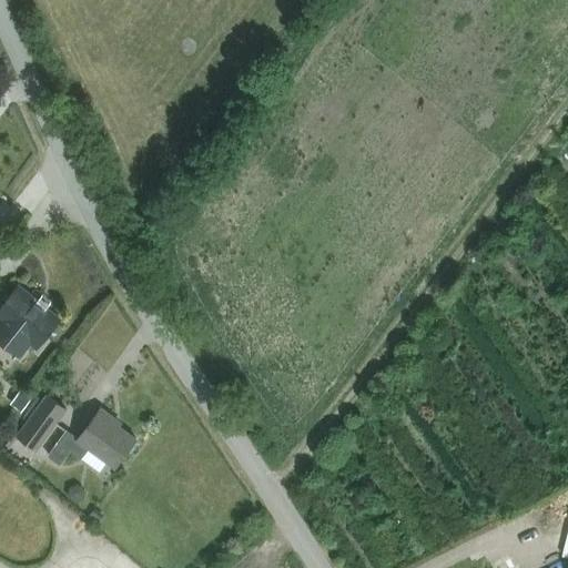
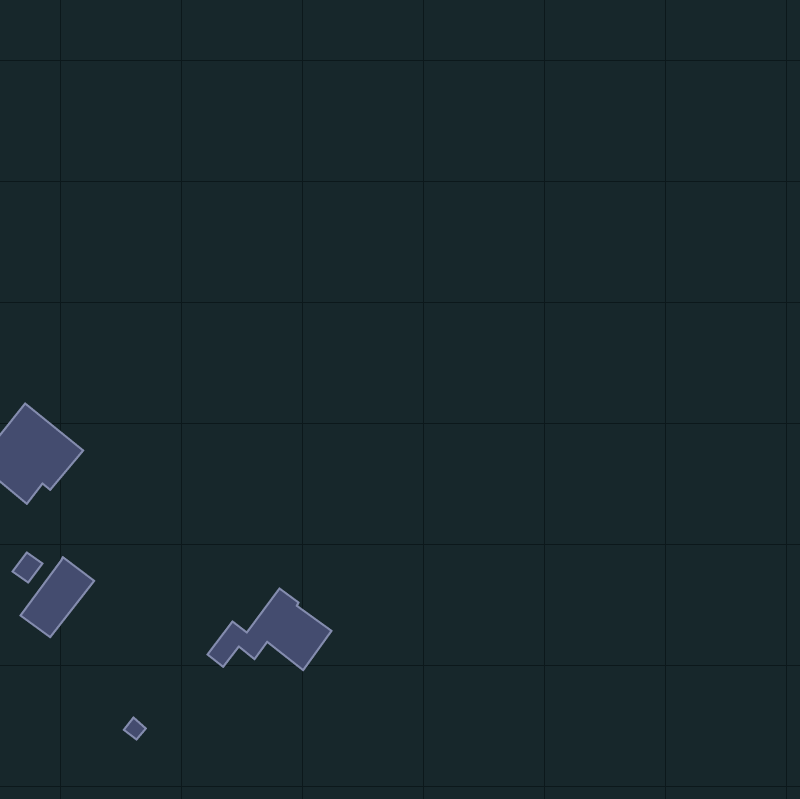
building: [49,409,136,467] -> [208,588,331,670]

